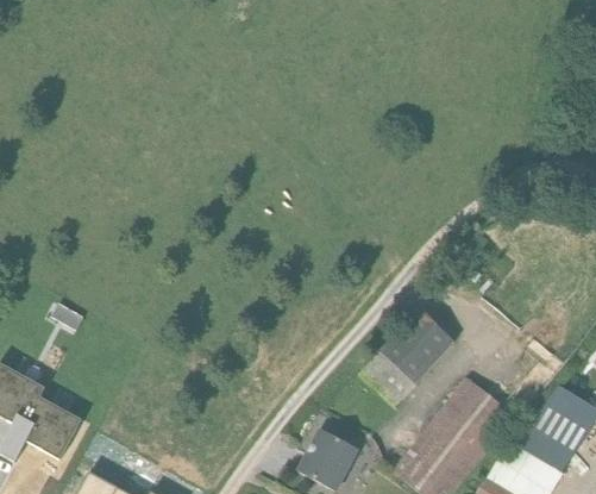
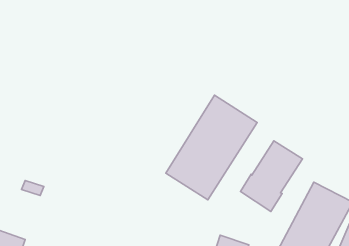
building: none -> [166,95,257,200]

